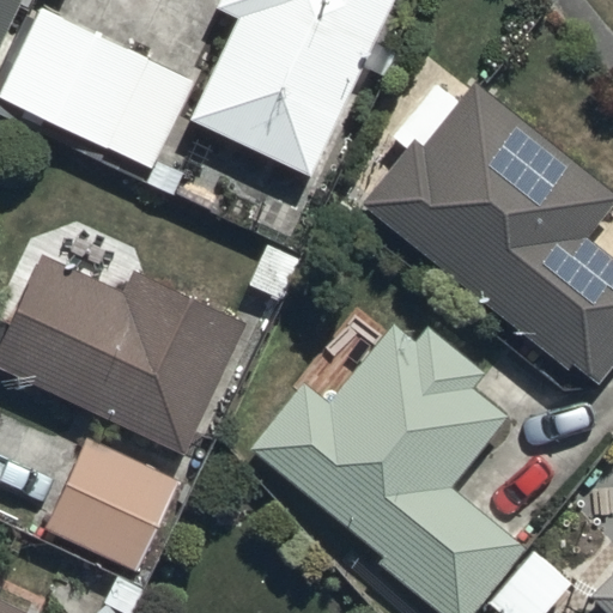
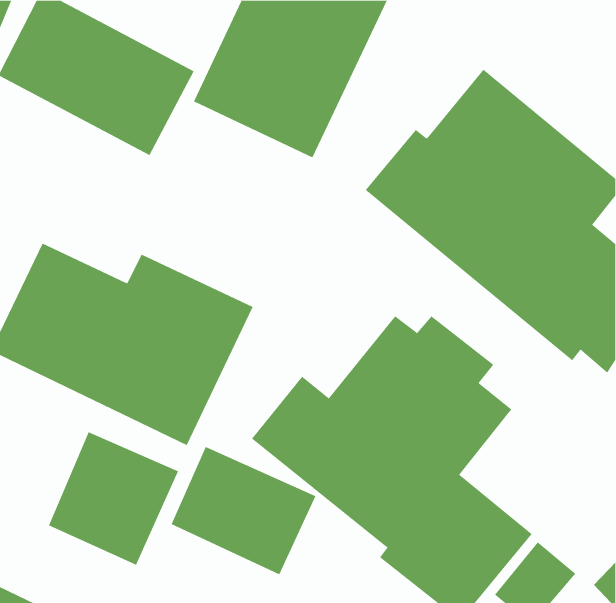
building: none -> [171,446,316,575]

